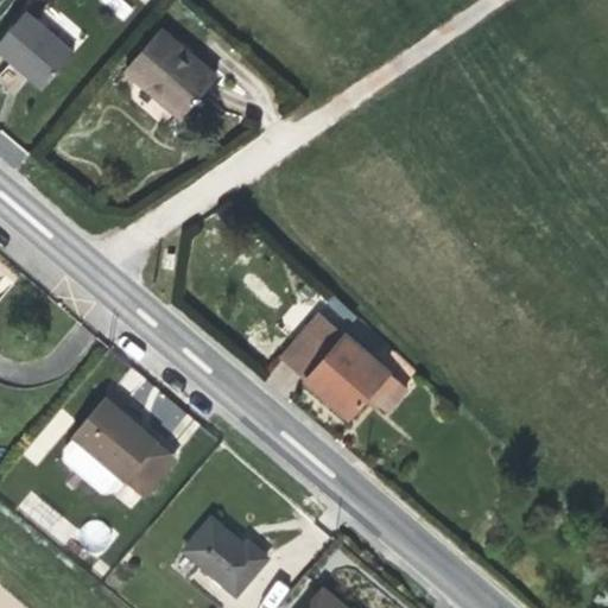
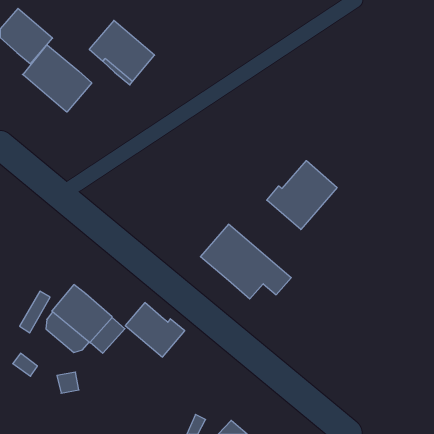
building: none -> [22,45,92,112]
building: none -> [267,161,337,230]
building: [184,519,267,595] -> [125,303,185,357]

